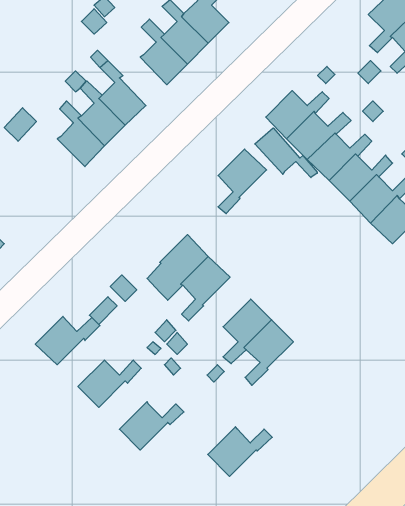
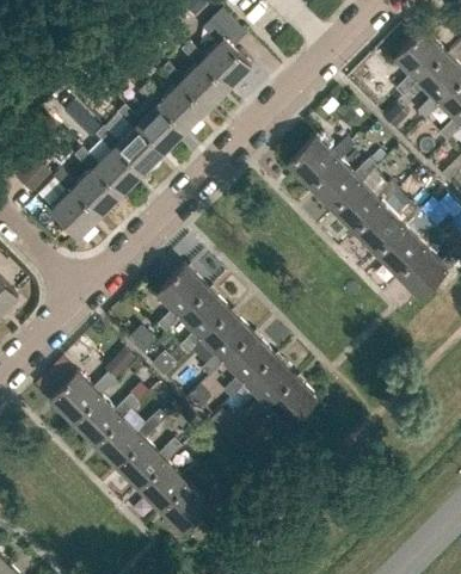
building: none -> [137,85,186,153]
building: none -> [51,169,102,237]
building: [255,128,317,178] -> none
building: [218,149,267,214] -> [158,265,208,332]
building: none -> [223,331,273,399]
building: none -> [73,394,137,444]
building: none -> [116,438,183,488]
building: [208,427,272,476] -> [159,481,226,532]

